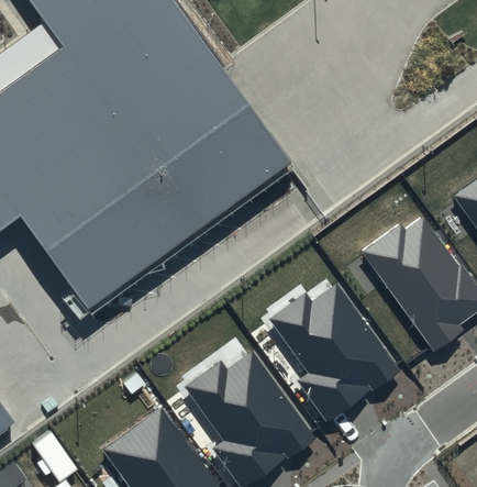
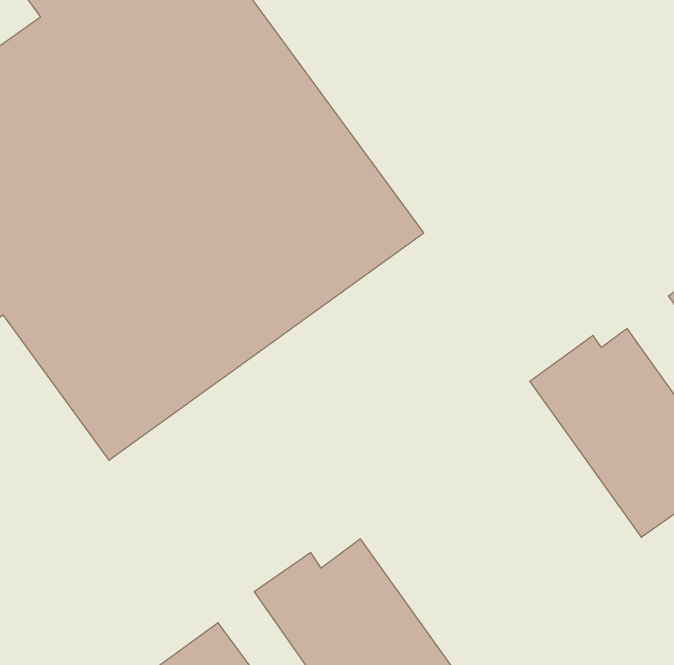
building: [268,288,397,422] -> none

